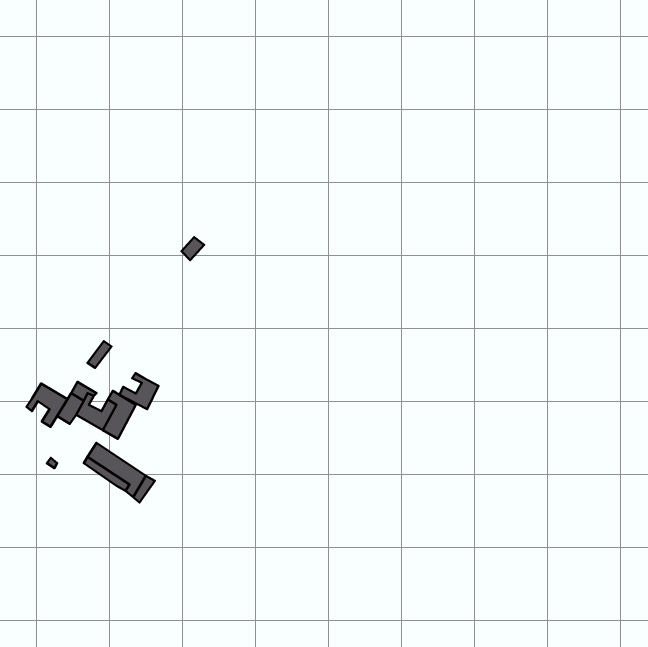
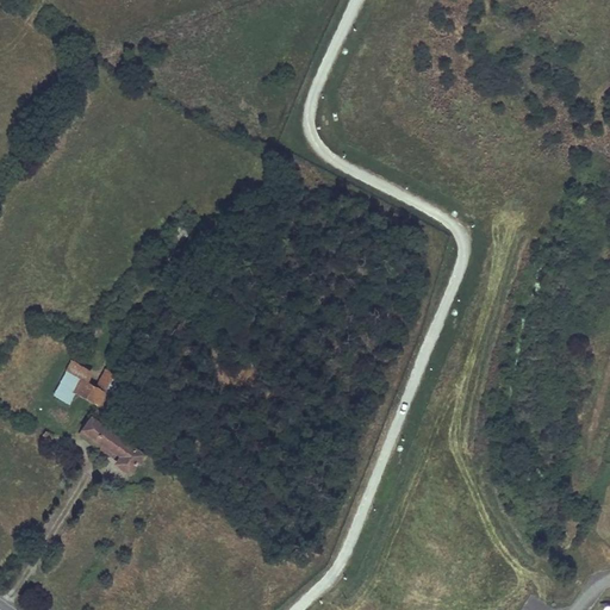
building: [119,373,159,409] -> none
building: [27,384,68,427] -> none

